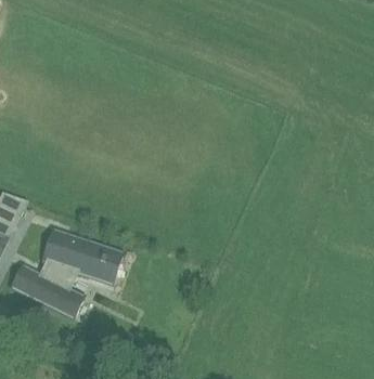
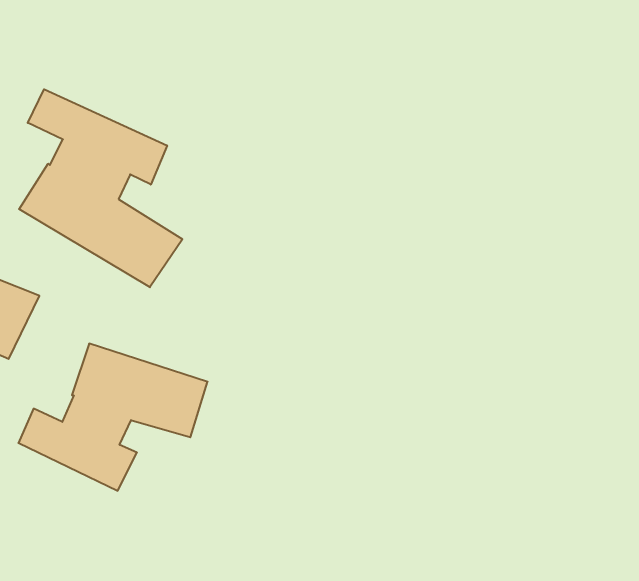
building: none -> [19,89,182,287]

